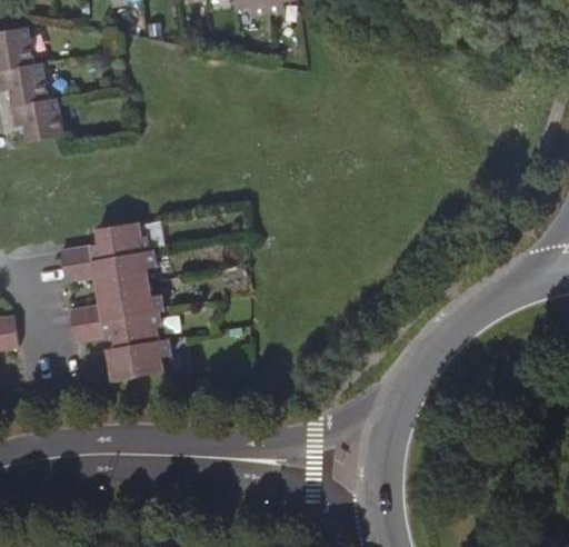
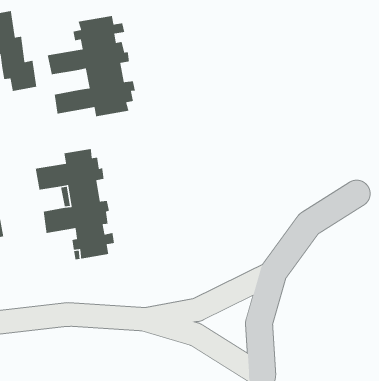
building: none -> [47,15,136,117]

